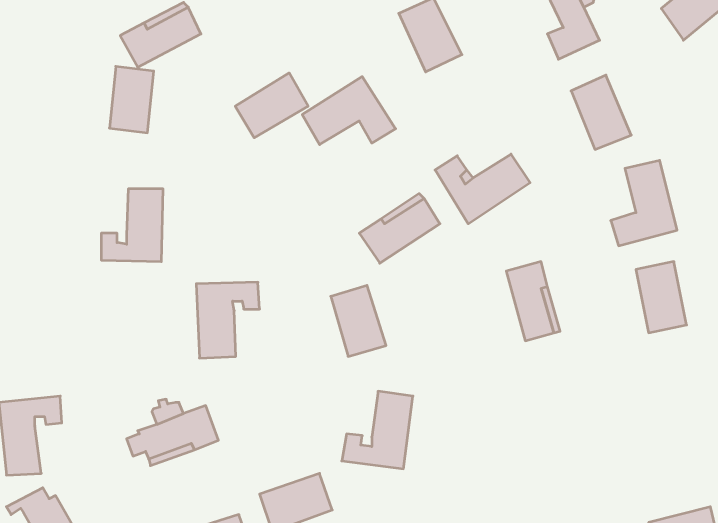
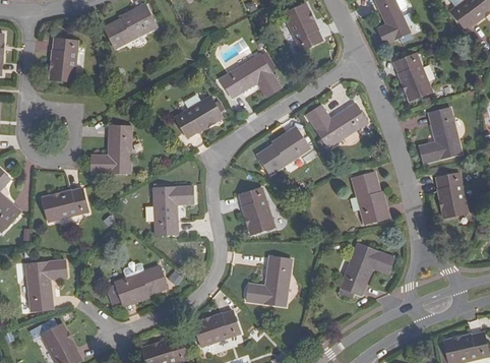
building: [109,66,154,133] -> [49,39,77,81]
building: [235,73,308,138] -> [175,96,222,137]
building: none -> [43,188,87,222]
building: none -> [338,243,394,299]

